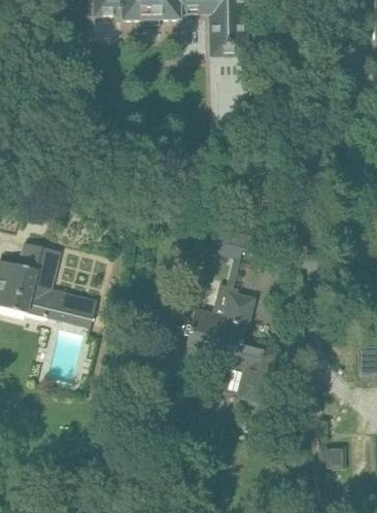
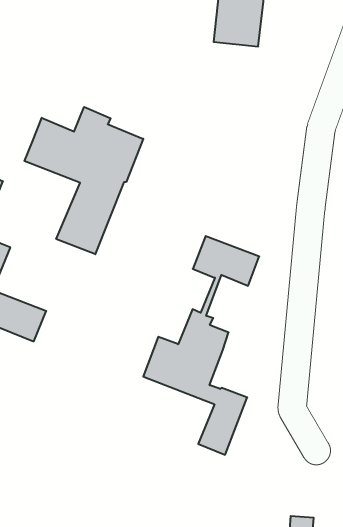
building: none -> [24,107,143,254]

